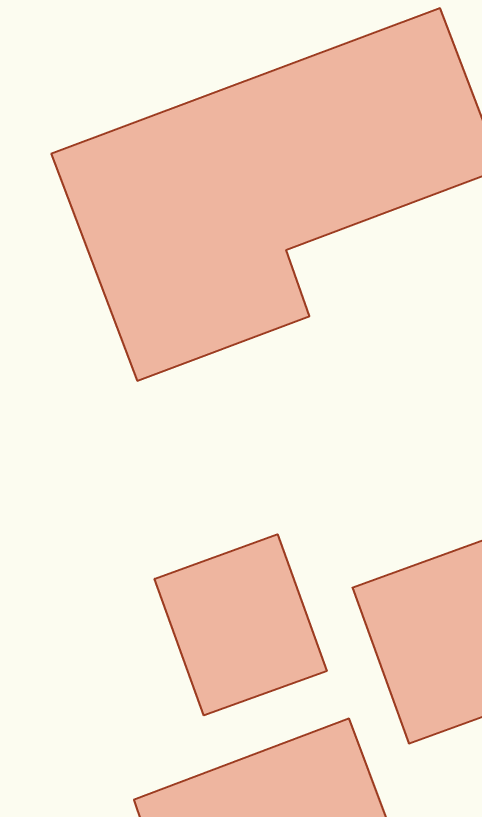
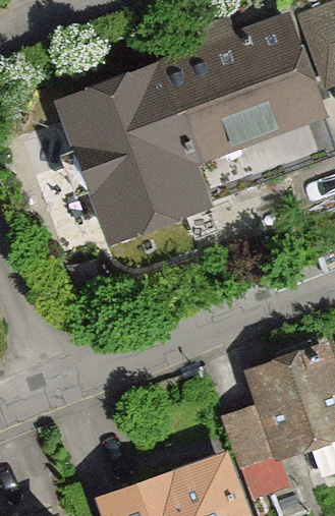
building: [155,534,327,715] -> none

